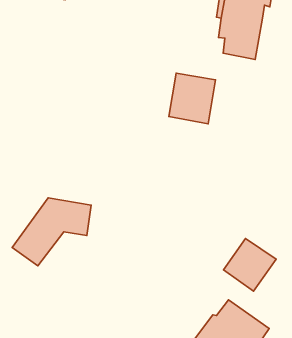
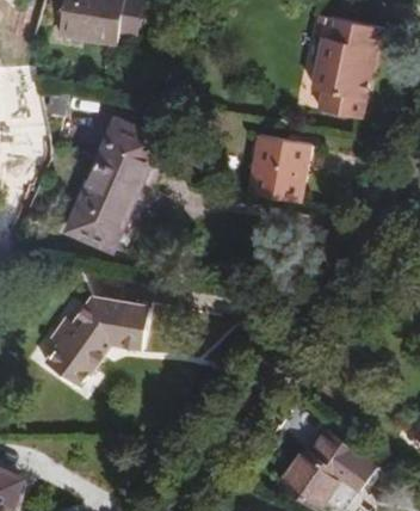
building: none -> [70,122,155,245]
building: [224,238,276,291] -> none

